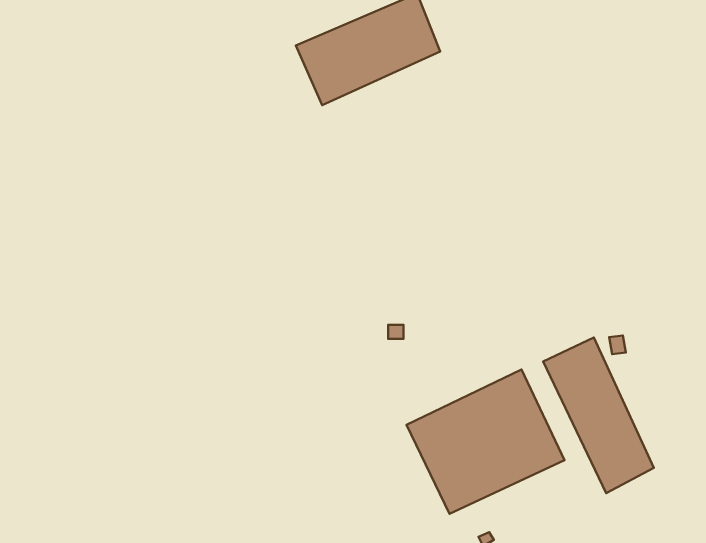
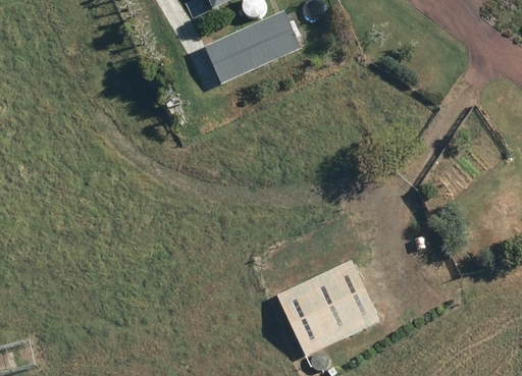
building: [543,337,654,493] -> none

